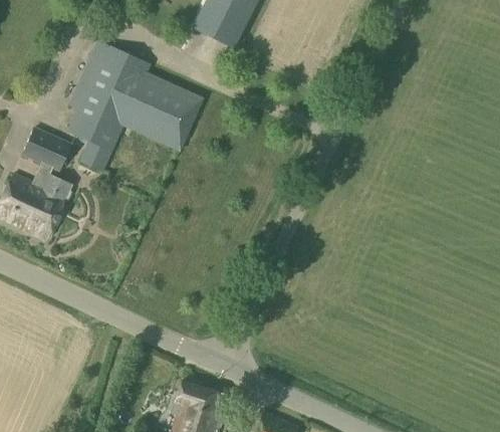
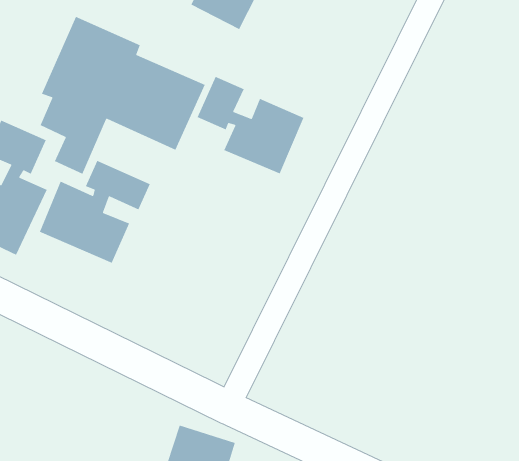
building: none -> [197,76,304,174]
building: none -> [39,160,151,264]

